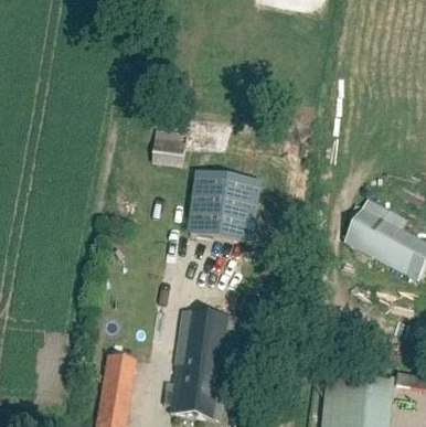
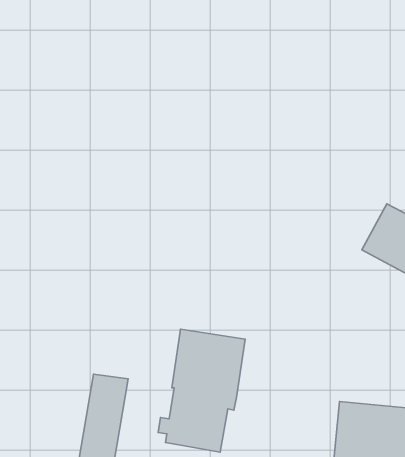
building: [155,127,187,162] -> none
building: [182,170,258,238] -> none

